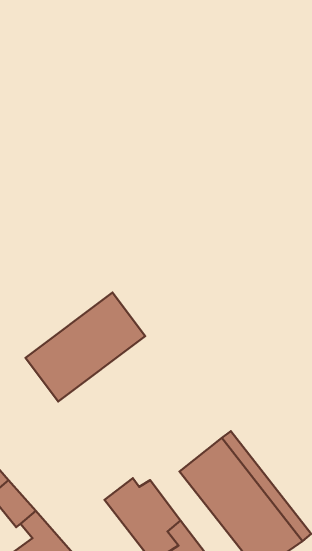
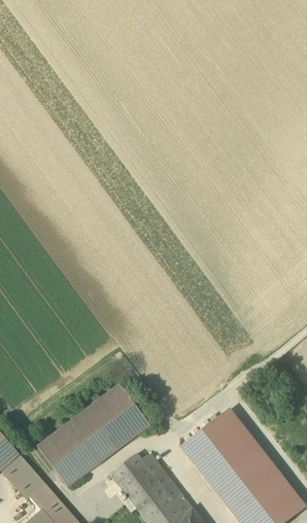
building: [26,293,145,401] -> [36,384,149,487]

